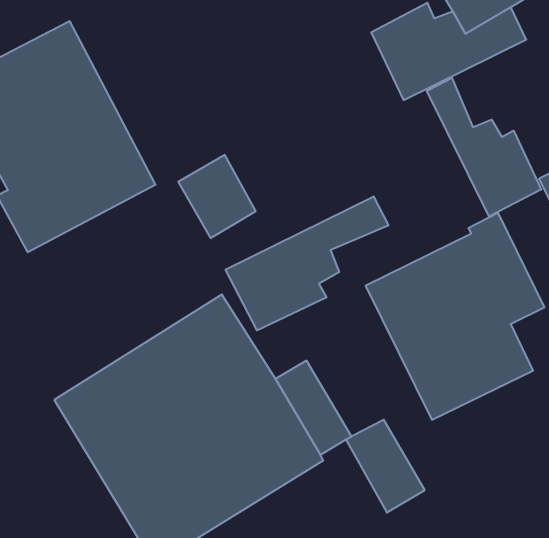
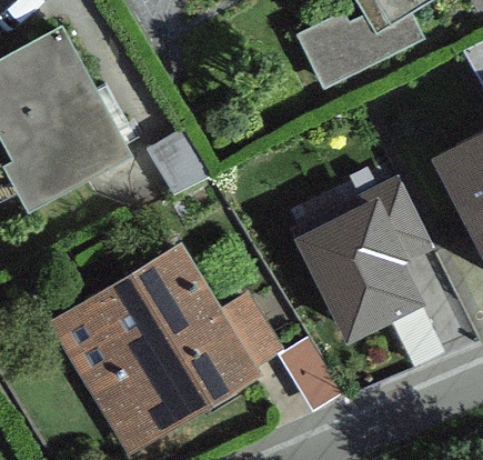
building: [427,78,541,216] -> none
building: [226,196,388,330] -> none

